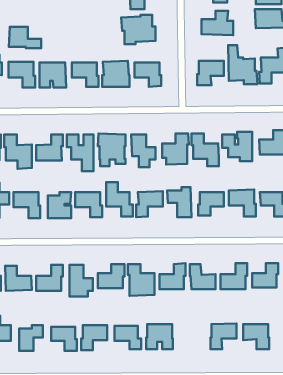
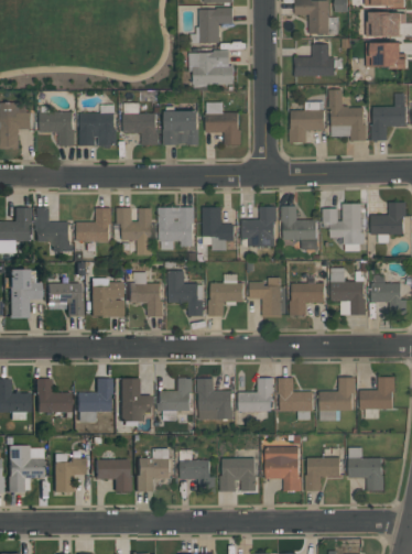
building: [9,27,41,48] -> none
building: none -> [265,446,303,490]

